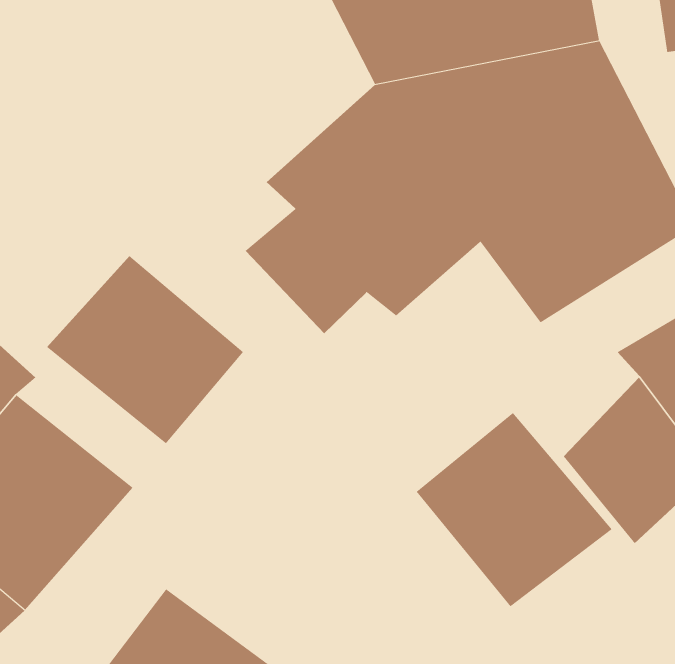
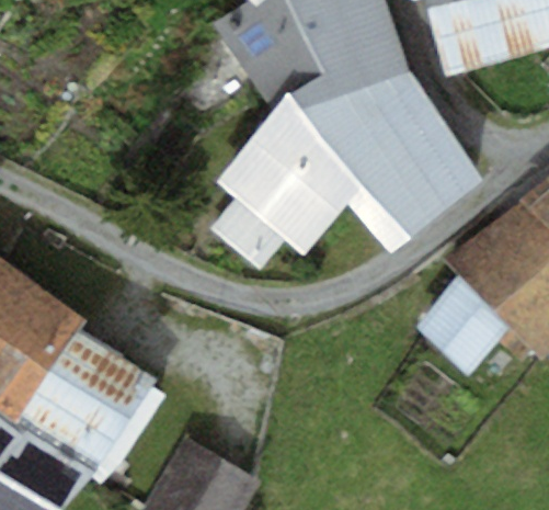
building: [46,255,244,444] -> none
building: [416,412,612,607] -> none

